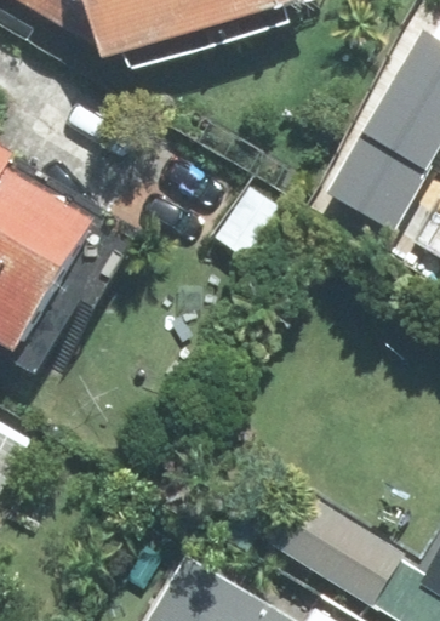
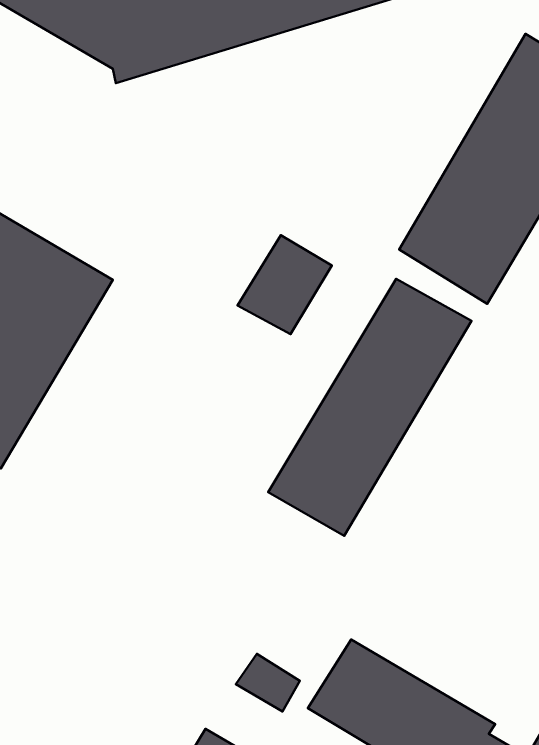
building: none -> [268,279,471,536]

